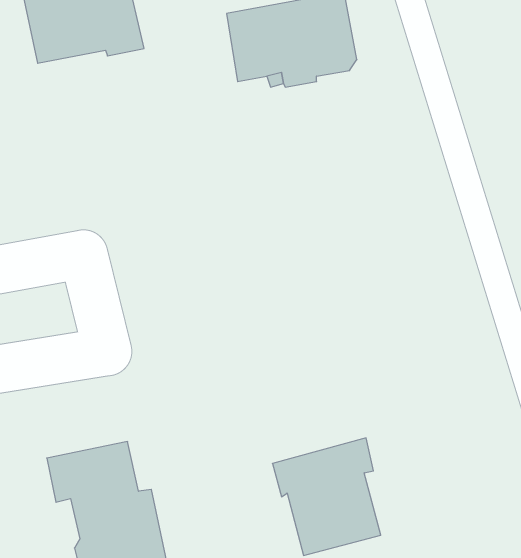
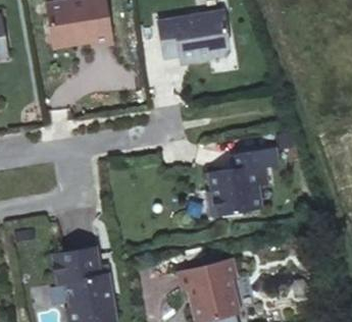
building: none -> [206,143,278,212]

